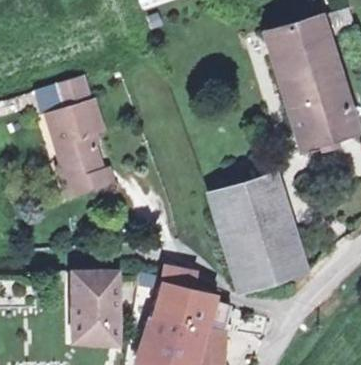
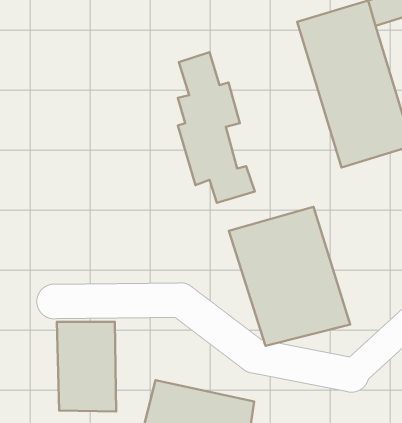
building: [54,74,115,193] -> [178,52,255,203]
building: [151,269,233,333] -> none

